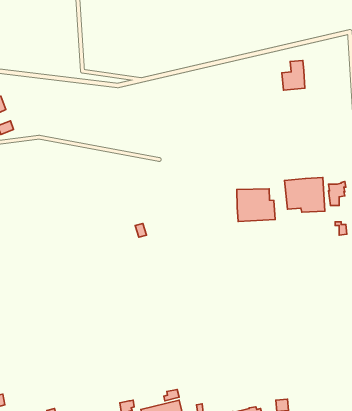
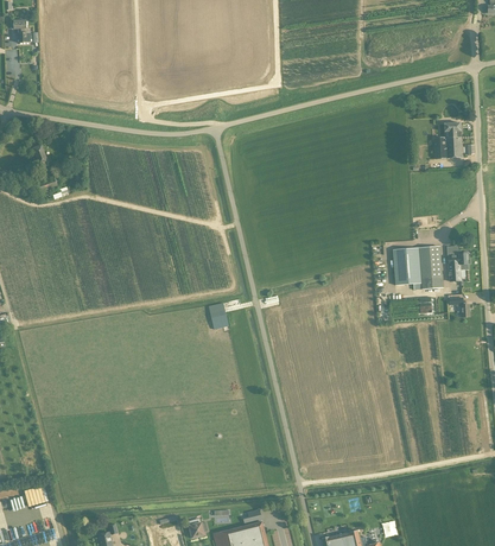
building: [282,60,305,90] -> [432,123,461,160]
building: [237,189,275,222] -> none

